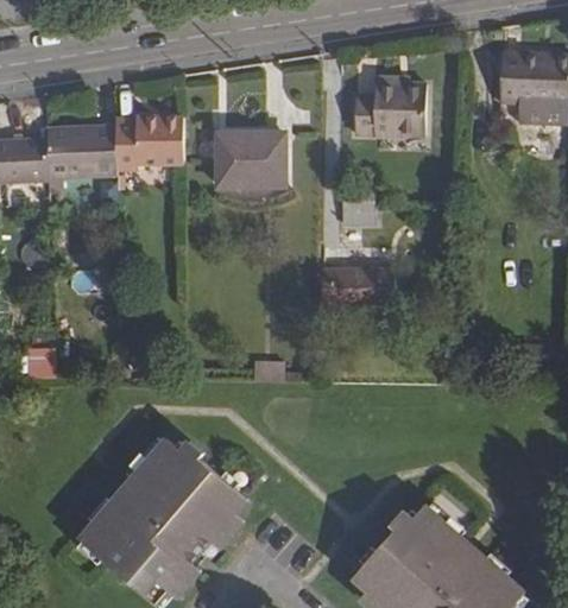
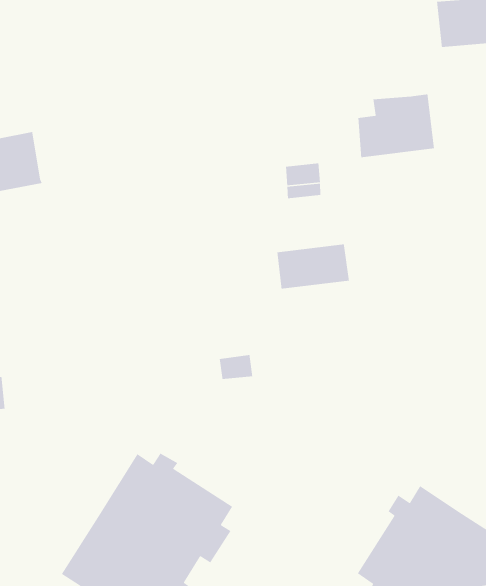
building: [354,82,425,137] -> [357,93,435,158]
building: [112,116,182,171] -> none
building: [214,133,283,189] -> none

